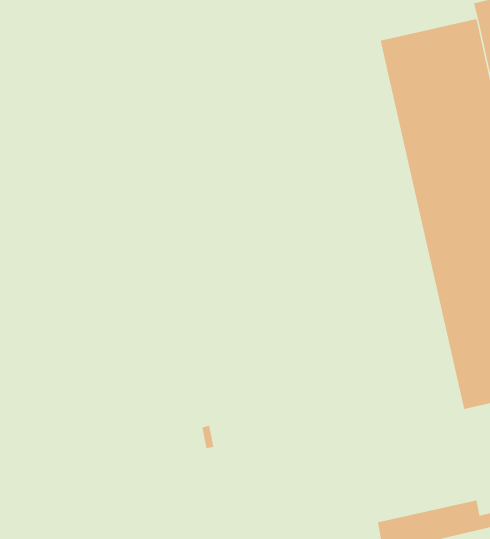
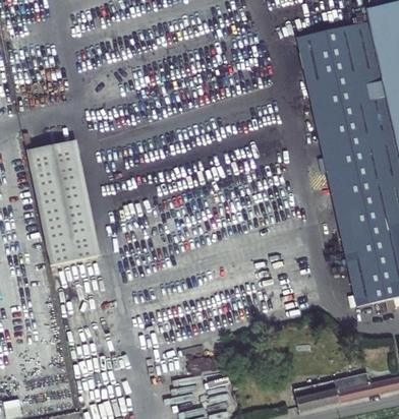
building: none -> [27,140,98,265]

